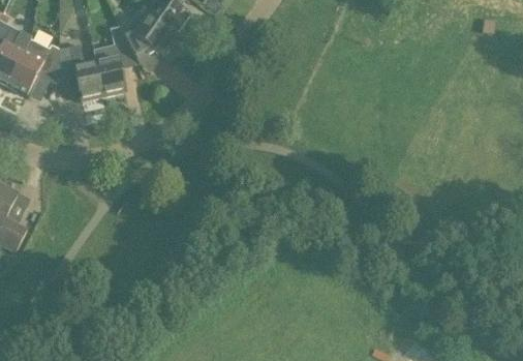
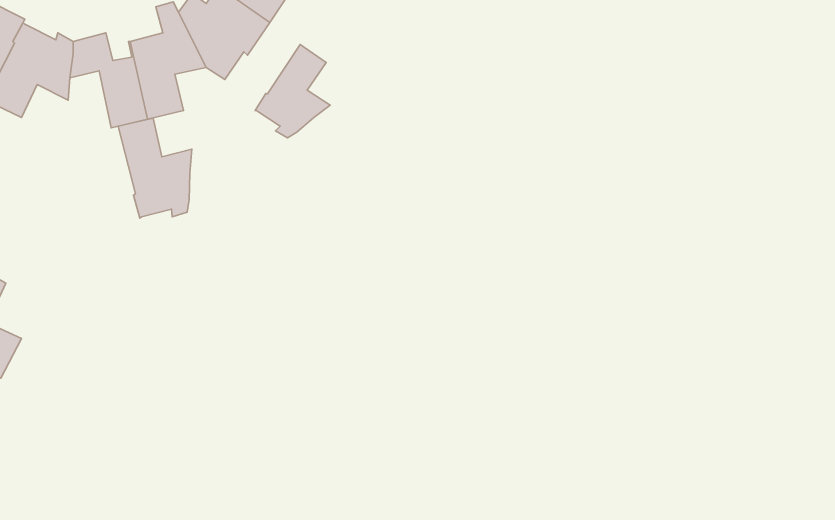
building: none -> [255,44,330,138]
building: none -> [118,118,192,218]

